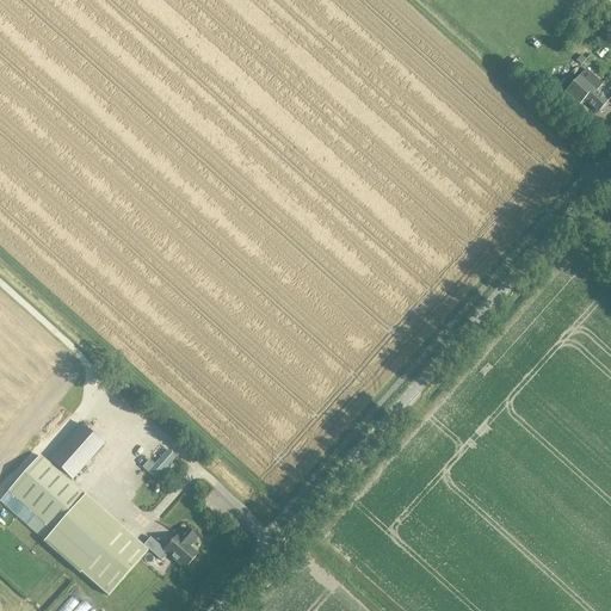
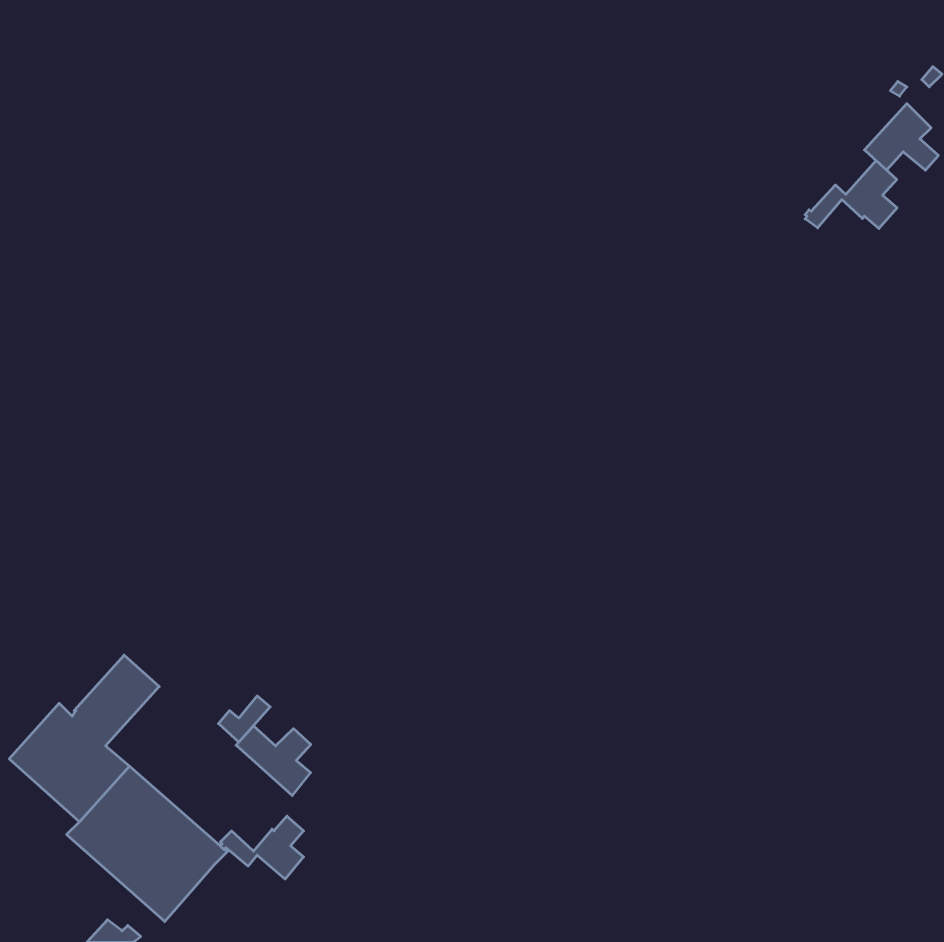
building: none -> [805,161,897,229]
building: none -> [236,726,311,796]

